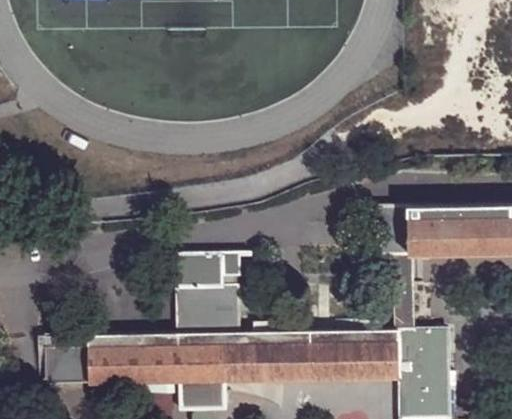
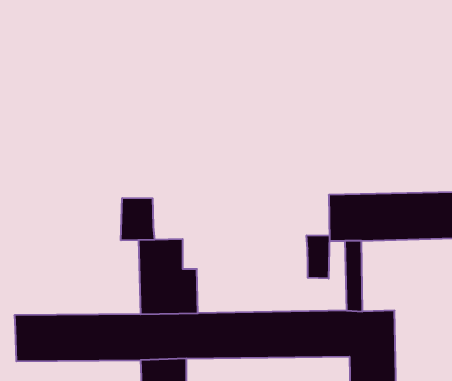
building: none -> [121,198,155,240]
building: none -> [307,235,330,279]

